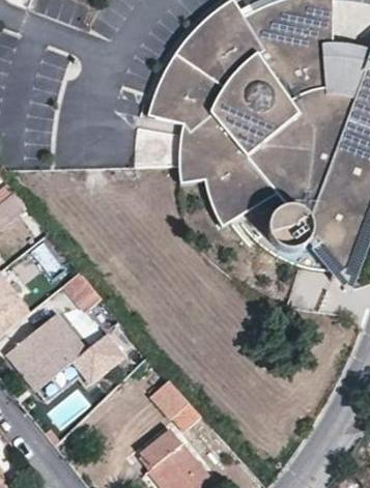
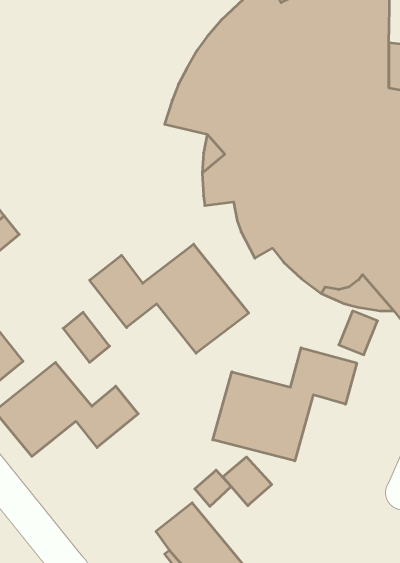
building: none -> [90,244,249,353]
building: none -> [213,348,357,461]
building: [149,379,190,420] -> [223,457,272,506]

